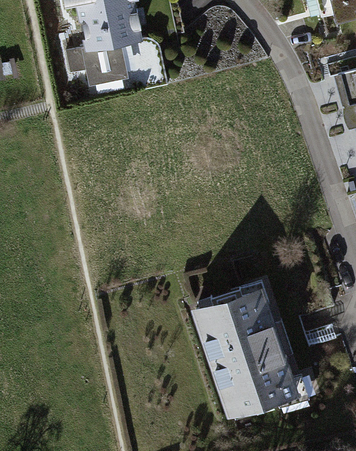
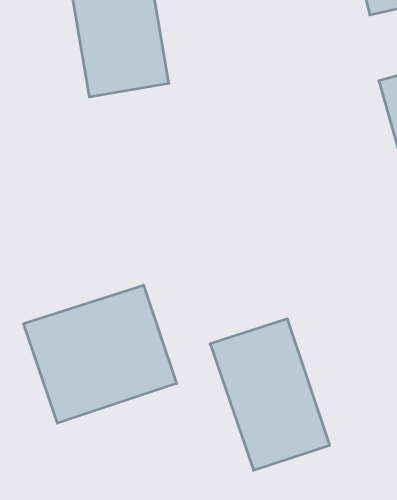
building: none -> [24,285,177,423]

